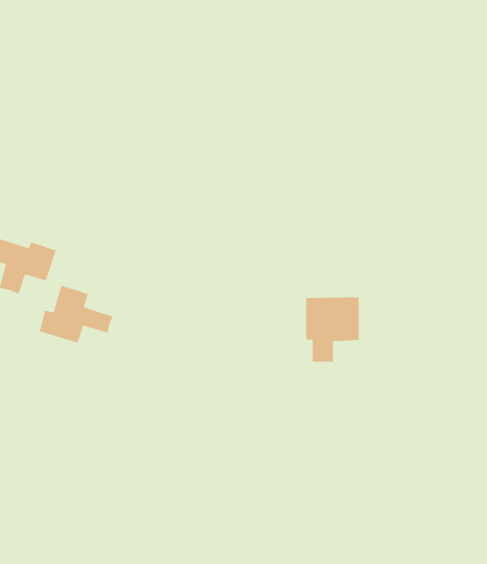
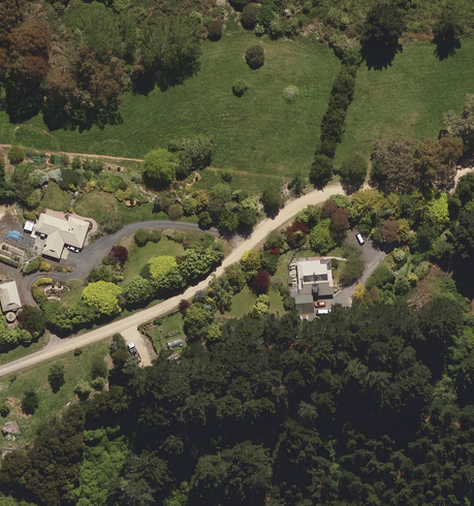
building: [39,285,113,344] -> none

